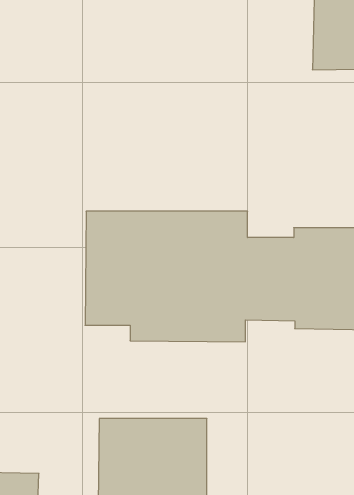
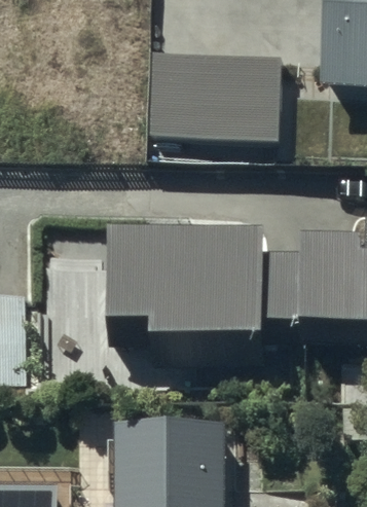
building: none -> [148,46,279,133]

